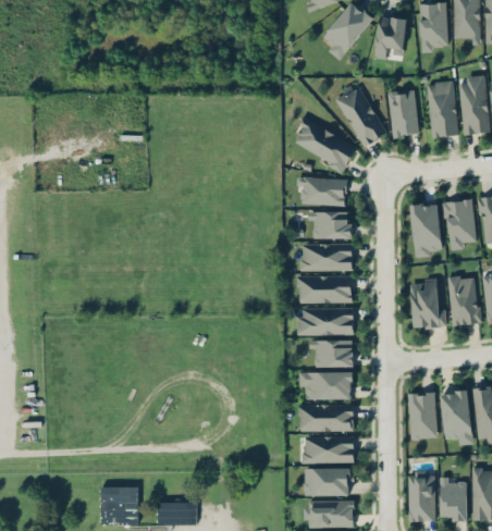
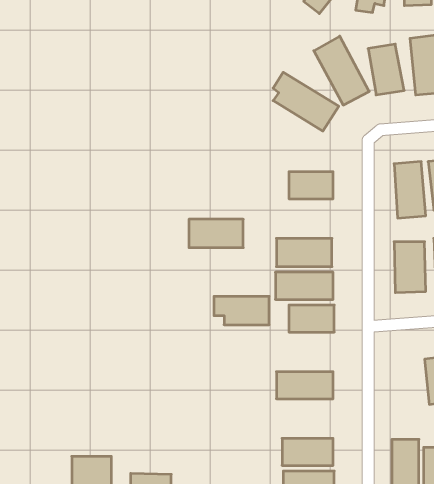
building: [297,178,346,206] -> none
building: [300,244,353,271] -> [189,219,243,248]
building: [299,372,353,399] -> [214,296,269,325]
building: [409,393,436,439] -> none
building: [302,437,353,464] -> none

